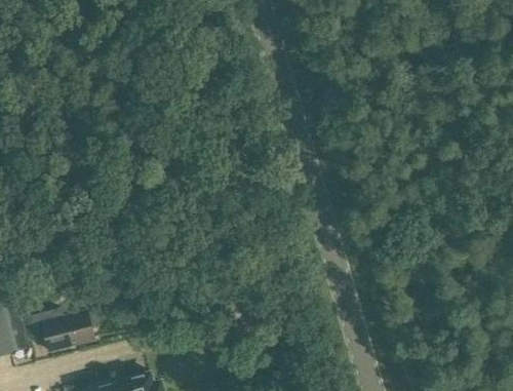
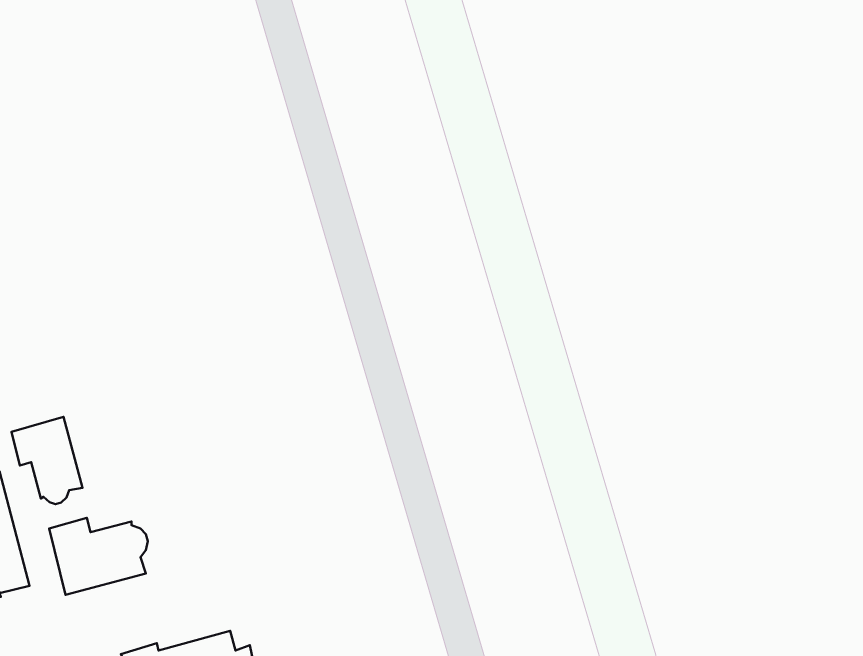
building: none -> [11,417,83,504]

